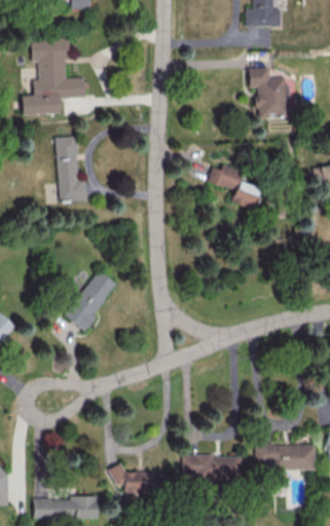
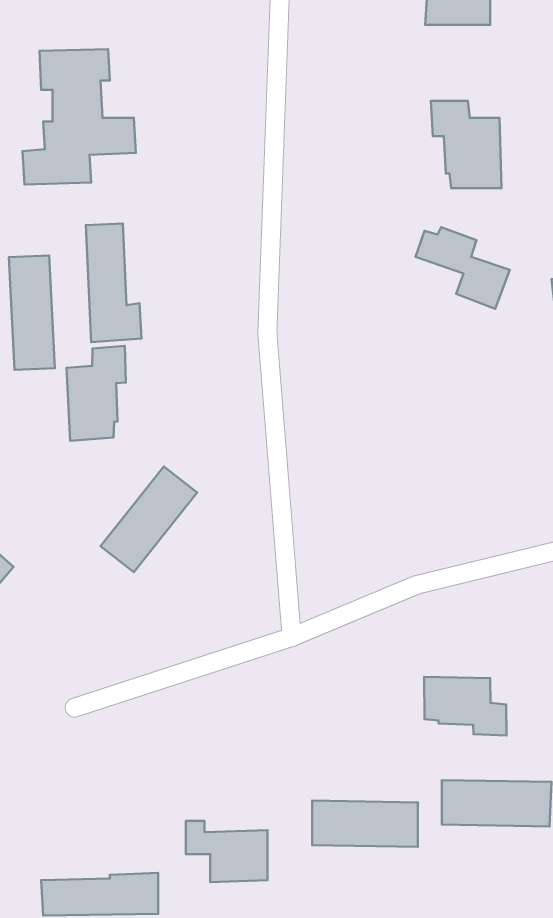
building: none -> [9,255,55,370]
building: [208,164,260,210] -> [415,227,510,309]
building: none -> [66,346,126,441]
building: none -> [424,677,506,736]

